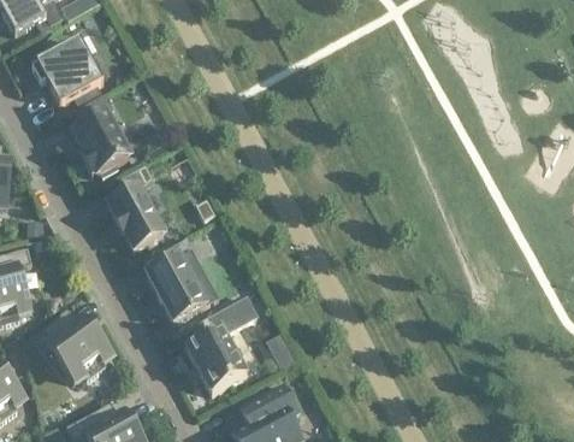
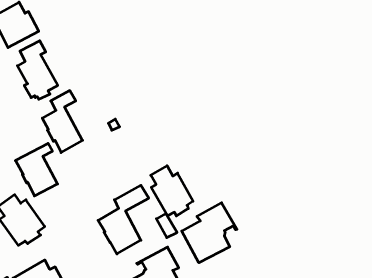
building: [147,248,206,322] -> [15,143,58,196]
building: none -> [151,166,193,216]
building: none -> [182,203,237,263]

